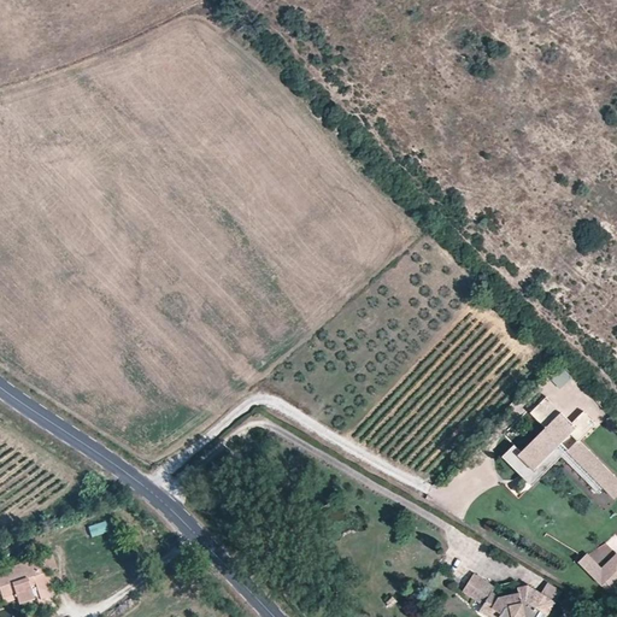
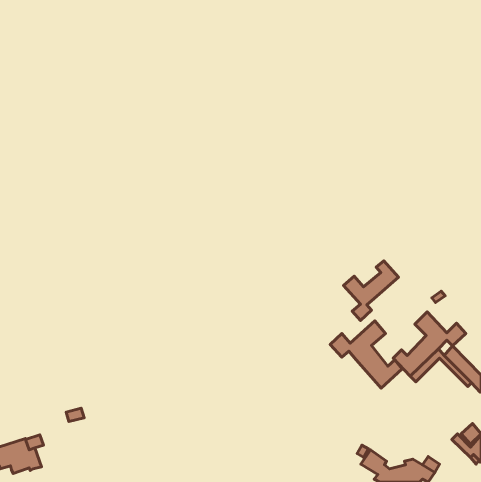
building: none -> [343,261,398,320]
building: none -> [330,321,402,388]

